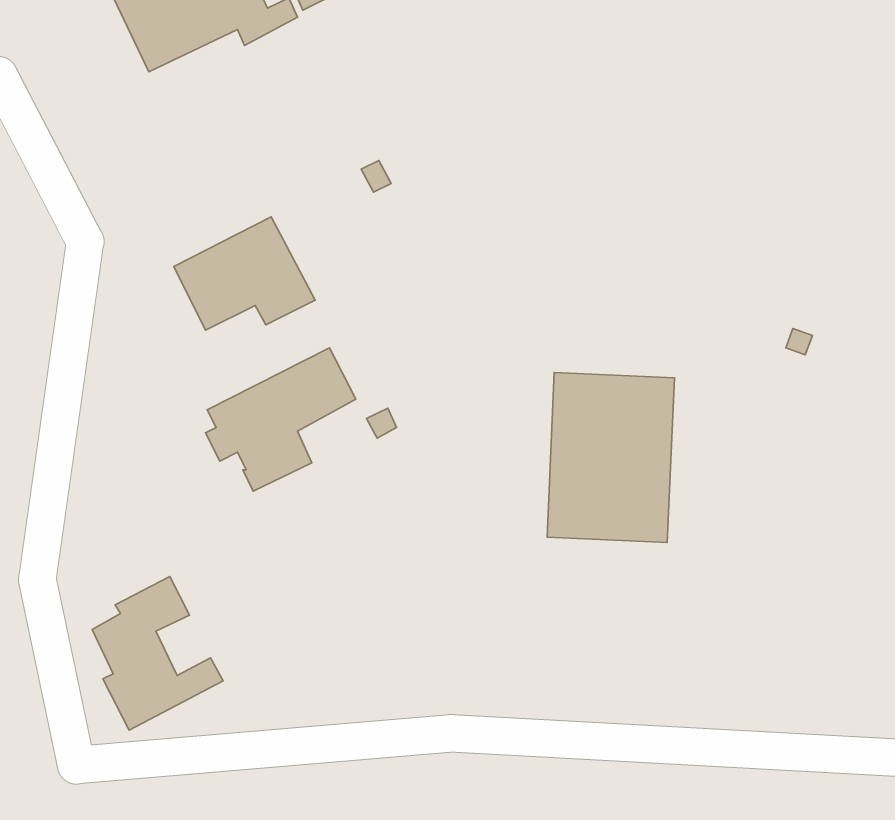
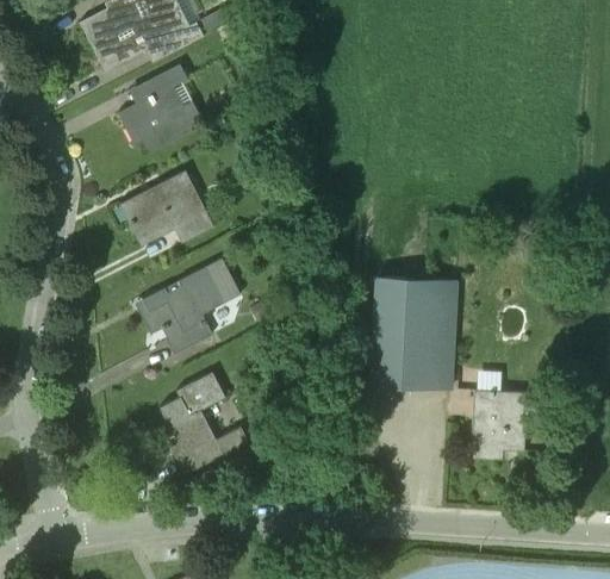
building: none -> [119,63,205,152]
building: none -> [471,388,527,460]
building: [92,576,223,730] -> [161,371,249,474]

